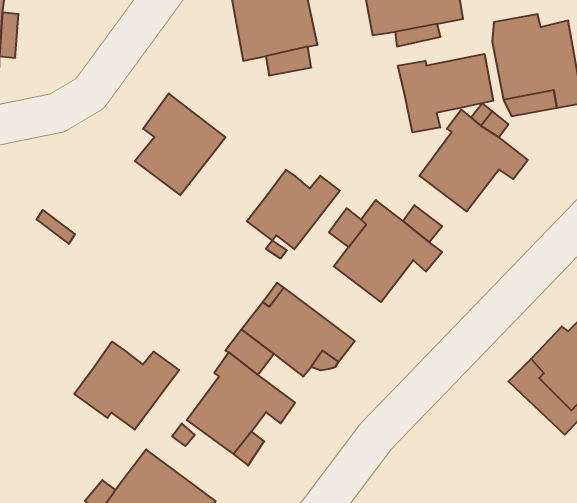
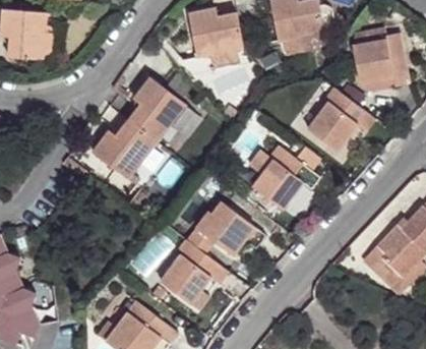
building: [398,54,493,132] -> none
building: none -> [94,120,157,179]
building: [247,170,340,249] -> none
building: [74,342,179,430] -> none

